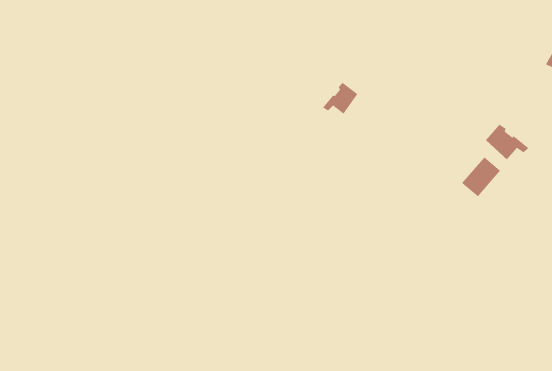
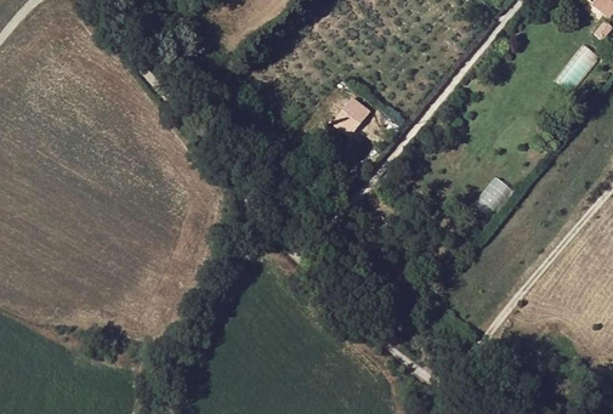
building: [485,124,529,160] -> none

